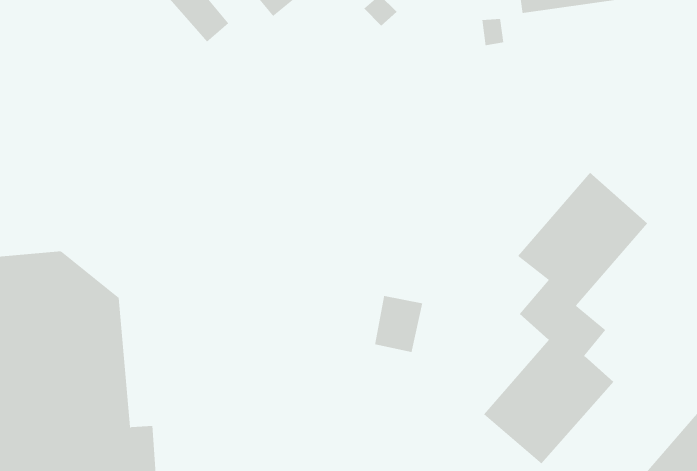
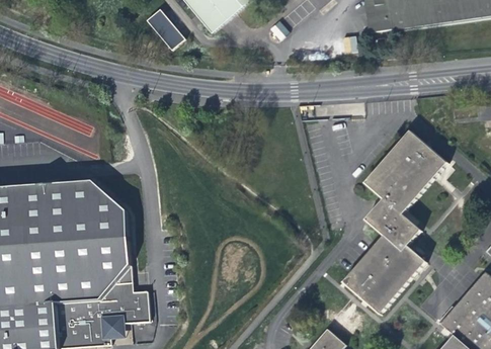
building: [374,295,423,353] -> none

